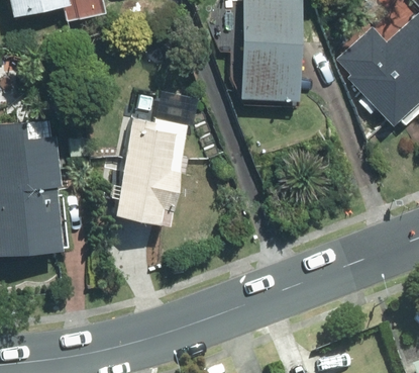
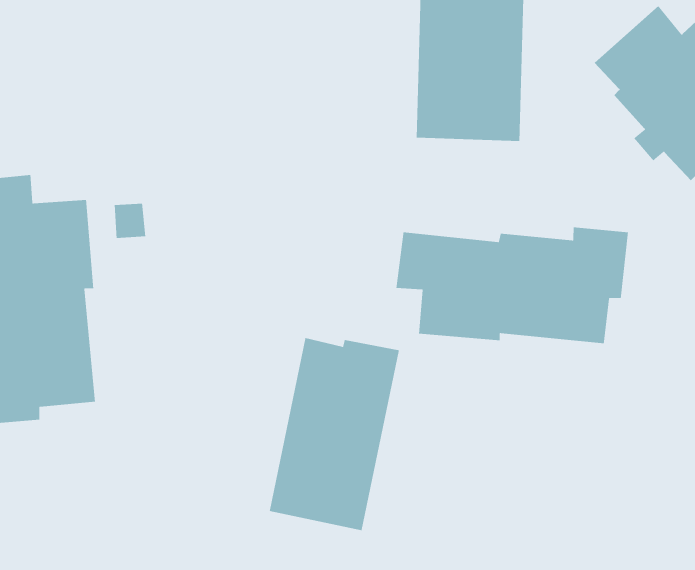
building: [113,116,187,225] -> [269,337,400,531]
building: none -> [396,227,629,344]

